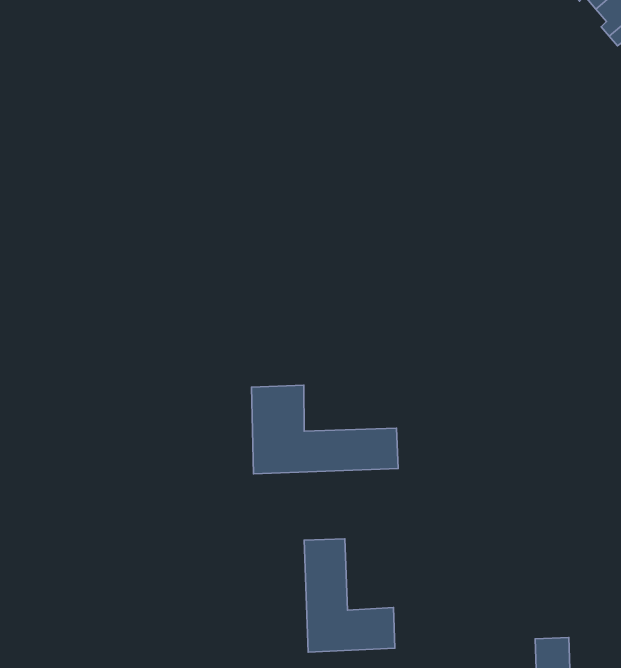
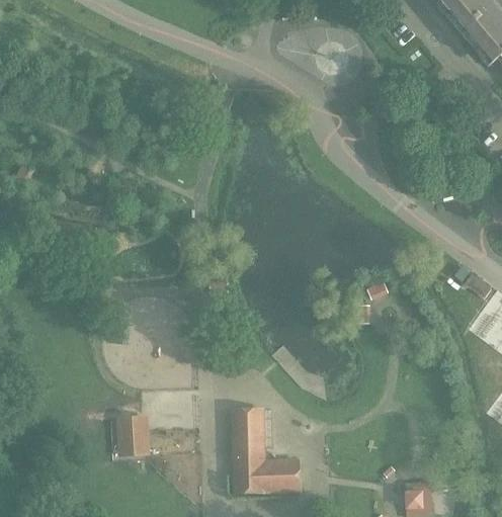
building: [252,385,398,474] -> none
building: none -> [120,416,145,454]

